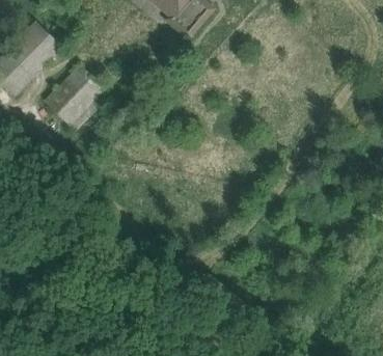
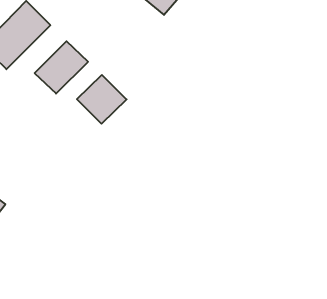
building: none -> [77,75,127,124]

